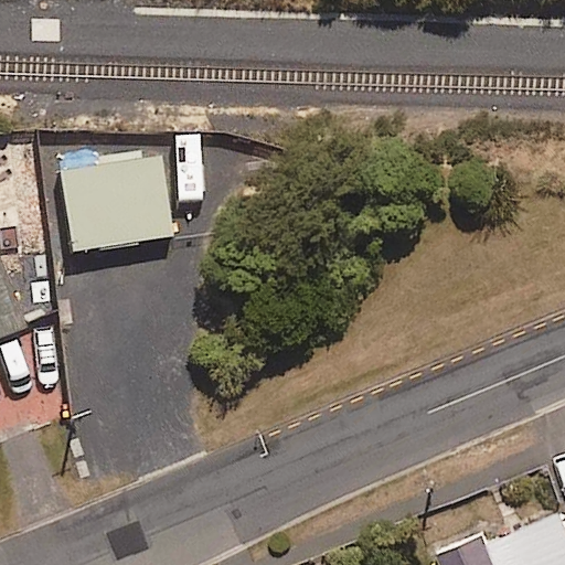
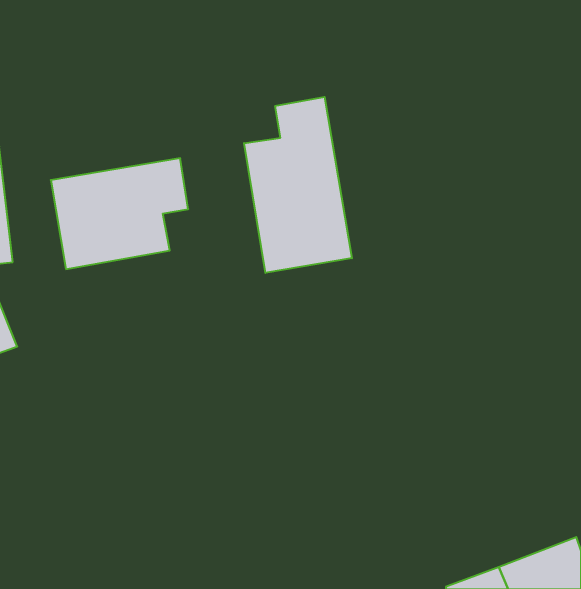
building: none -> [244,97,352,273]

